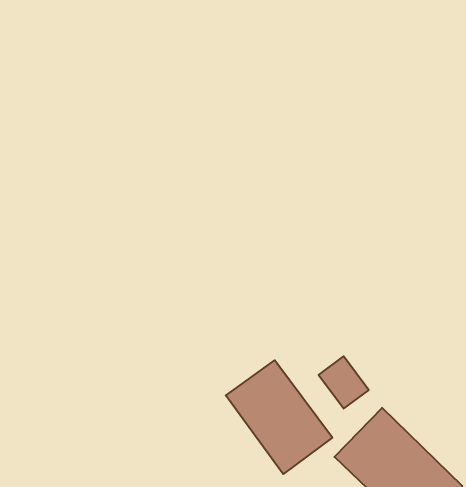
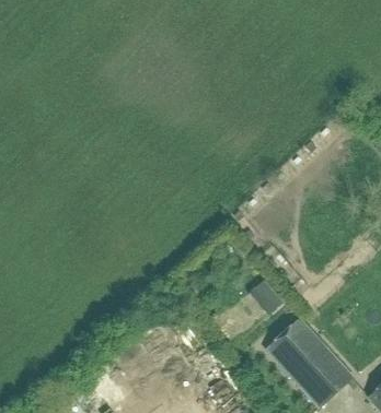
building: [226,360,332,474] -> none

